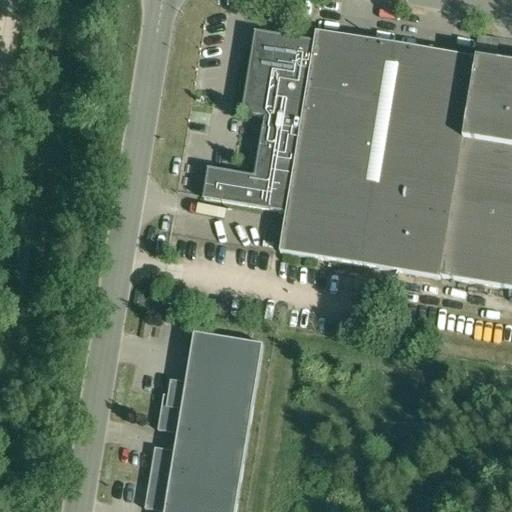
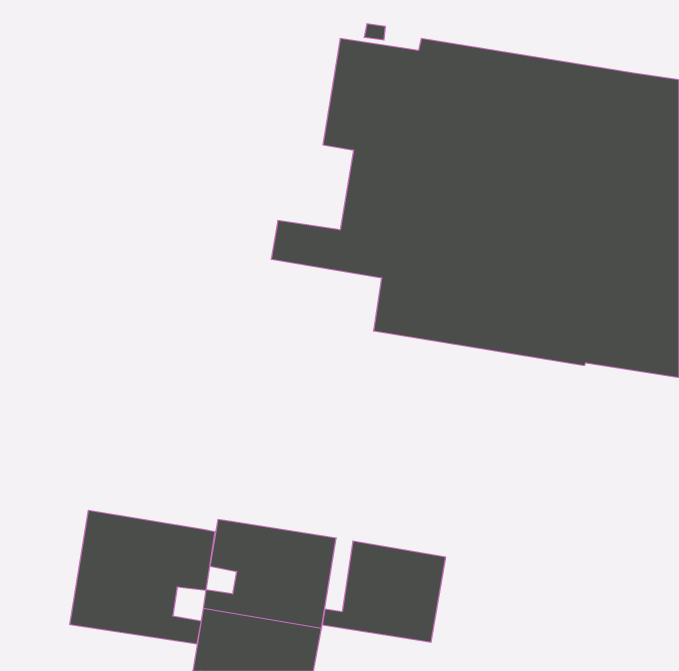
building: [171,329,264,405] -> [322,541,446,642]
building: none -> [70,510,215,644]

